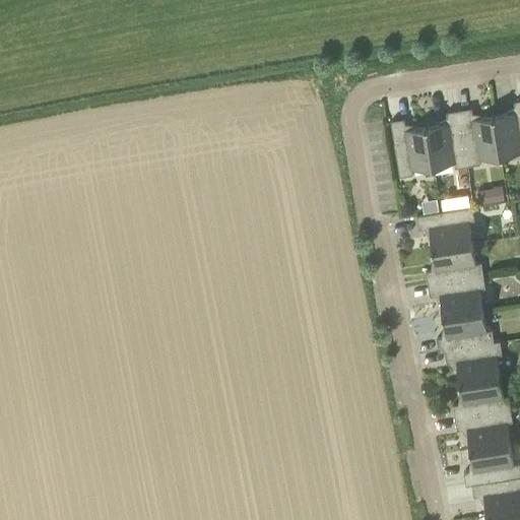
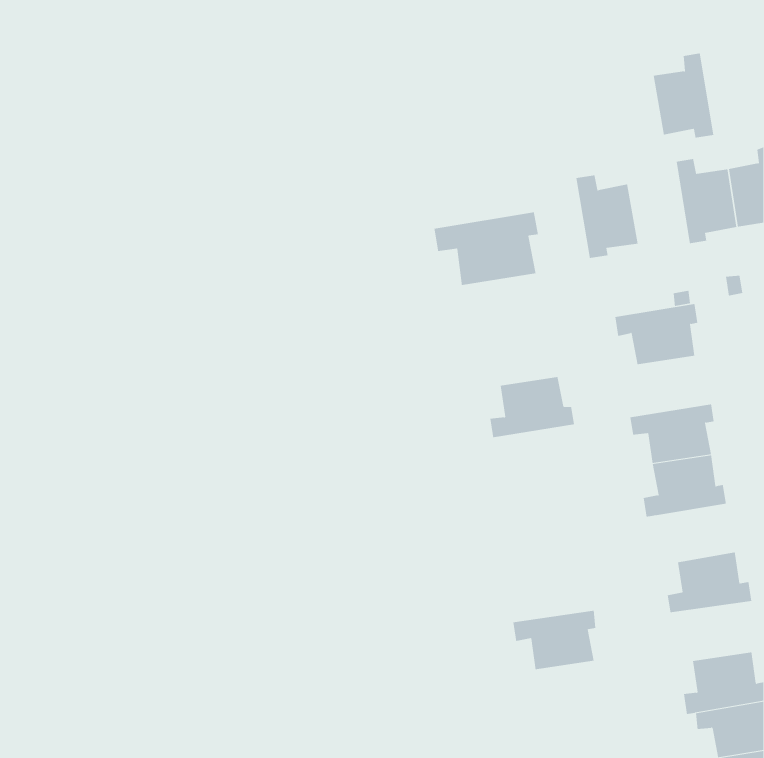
building: [427,114,468,172] -> [653,53,714,138]
building: none -> [434,212,538,286]
building: [426,246,483,287] -> [489,377,575,438]
building: [445,344,502,386] -> none
building: [455,412,512,453] -> [512,610,596,670]

